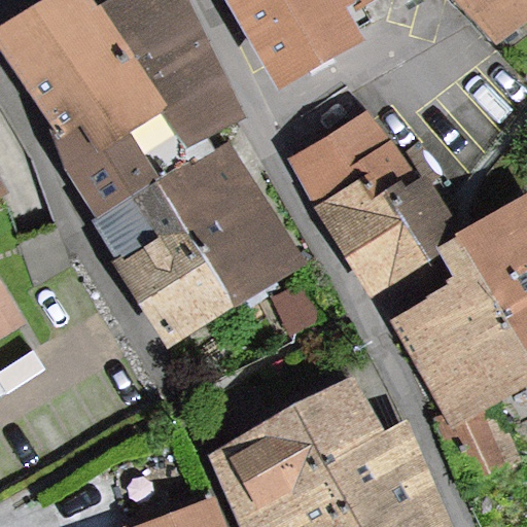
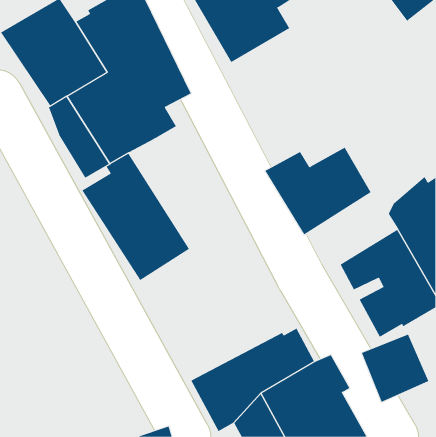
building: [292,114,414,205] -> none
building: [154,148,287,298] -> none

